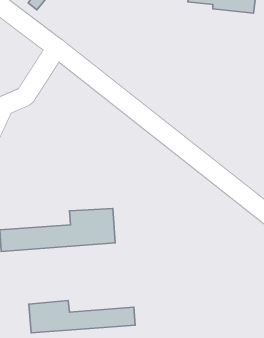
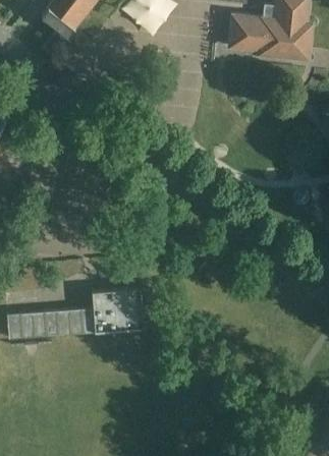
building: [29,301,135,333] -> none

